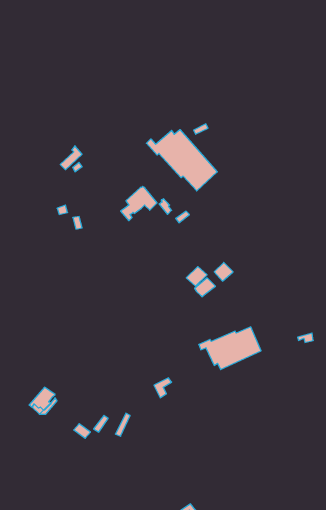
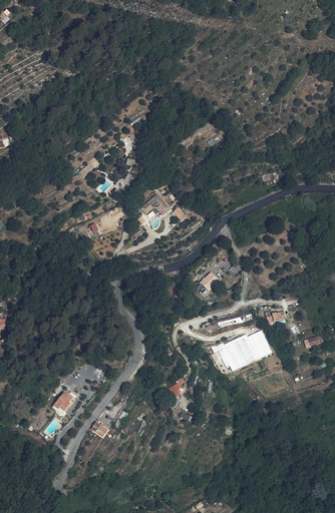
building: [146,130,217,191] -> none

